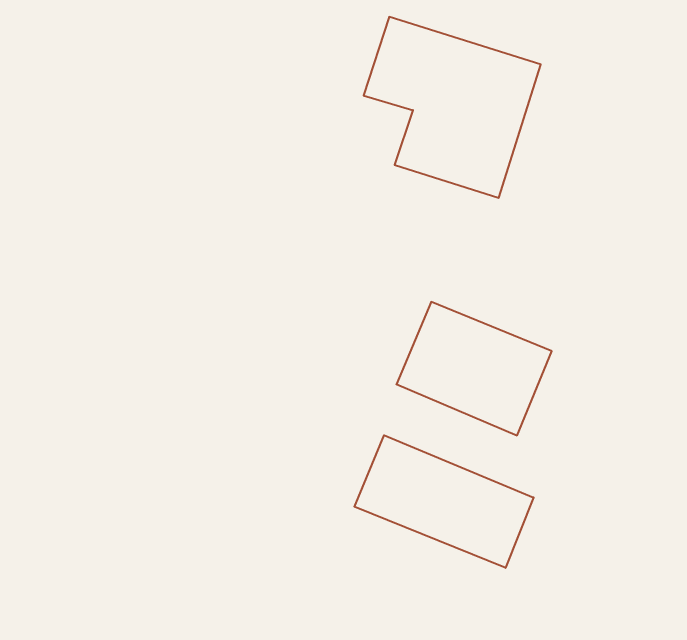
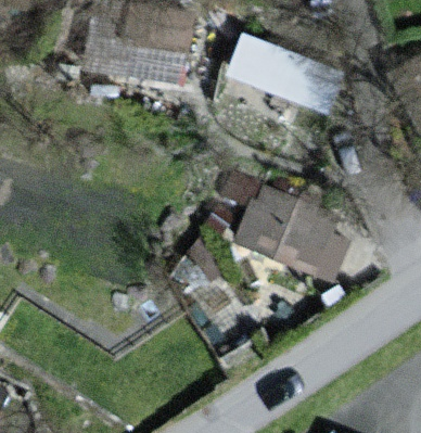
building: [354,435,534,568] -> none

